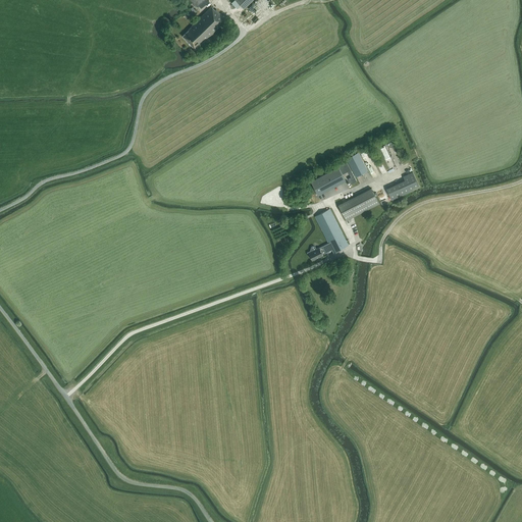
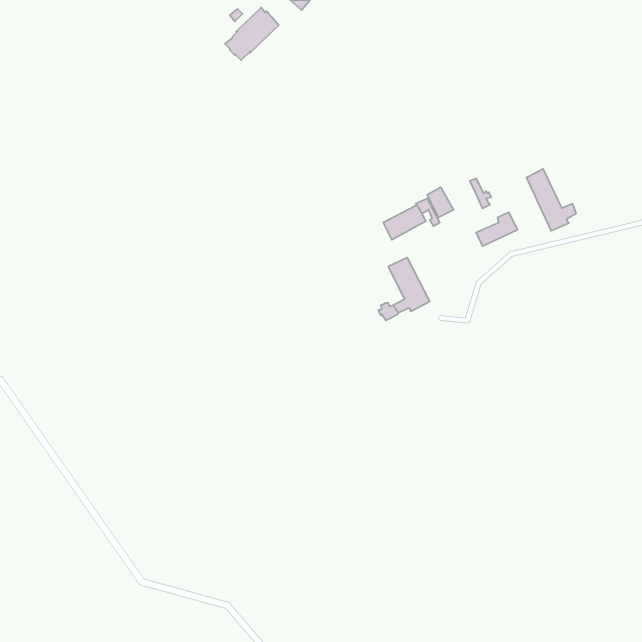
building: none -> [527,169,576,231]
building: [338,188,379,220] -> none

